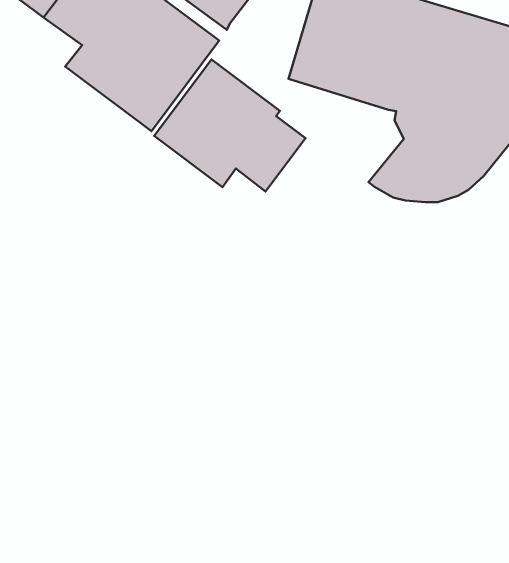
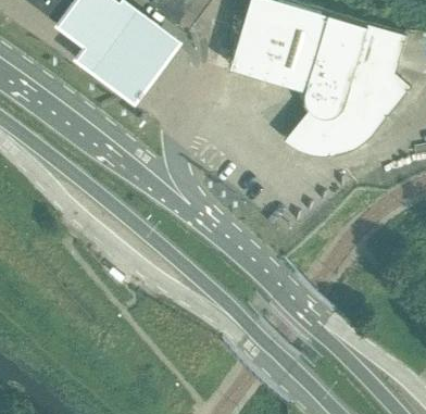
building: [154,60,305,192] -> none

